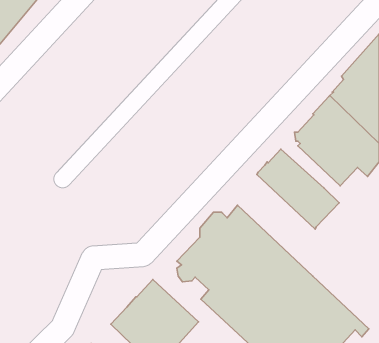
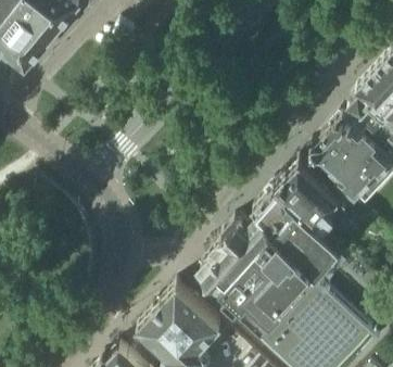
building: none -> [251,189,343,286]

